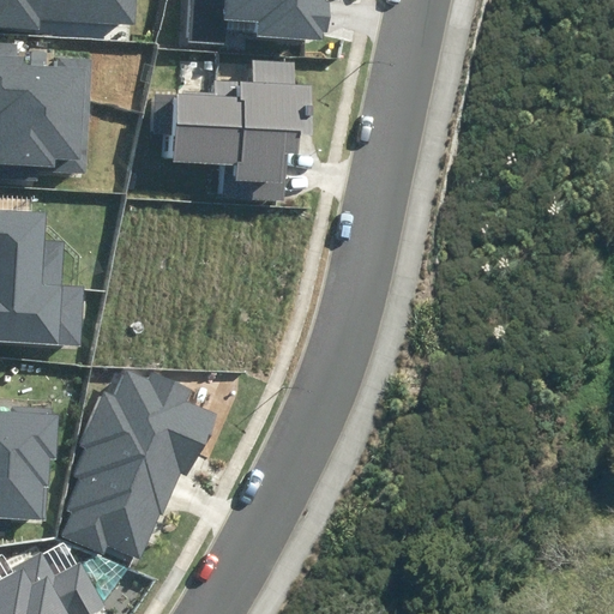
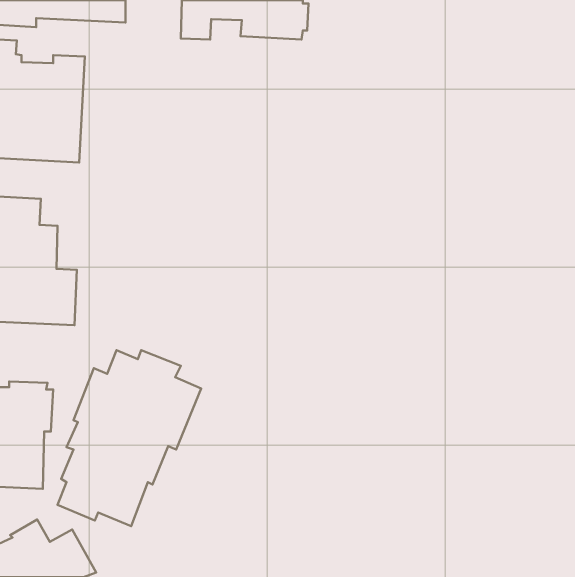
building: [149,64,312,198] -> none

